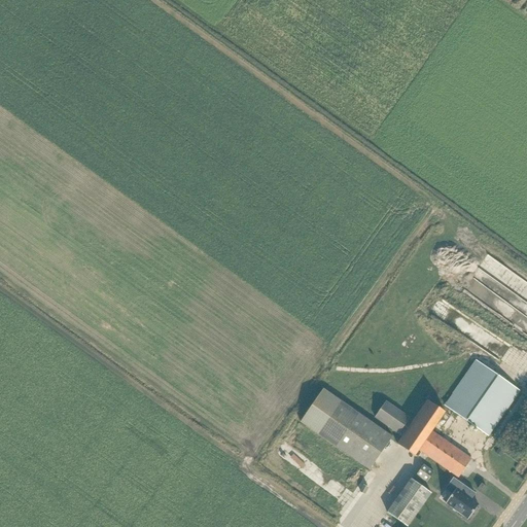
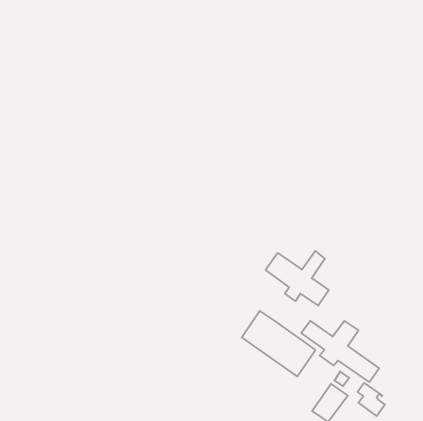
building: none -> [266,251,329,306]
building: [444,358,520,434] -> none

